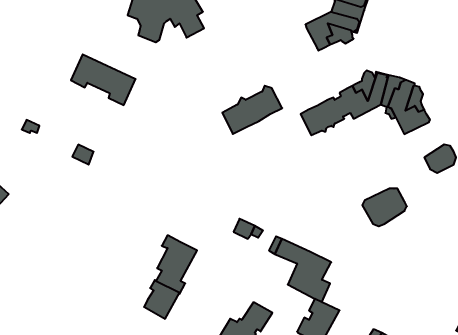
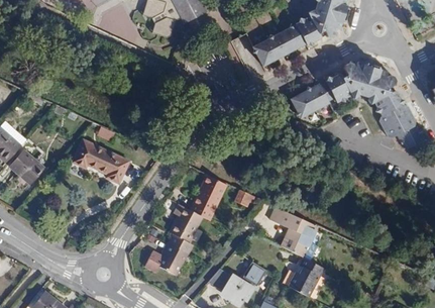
building: [71,54,136,105] -> [72,140,127,184]
building: [222,86,282,134] -> [254,23,306,65]
building: [362,189,407,226] -> [378,106,417,138]
building: none -> [189,174,227,220]

